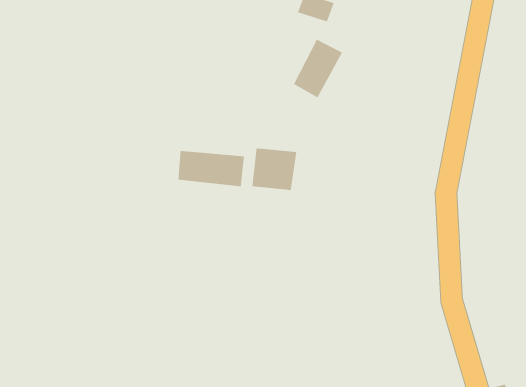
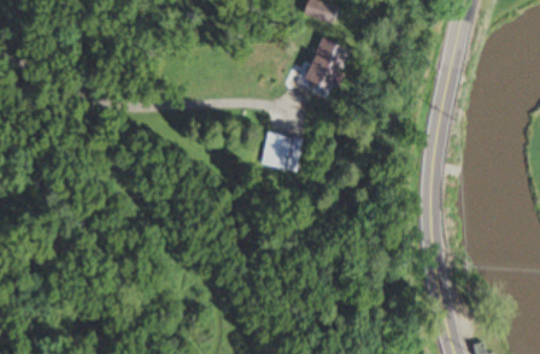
building: [178,150,244,187] -> none

